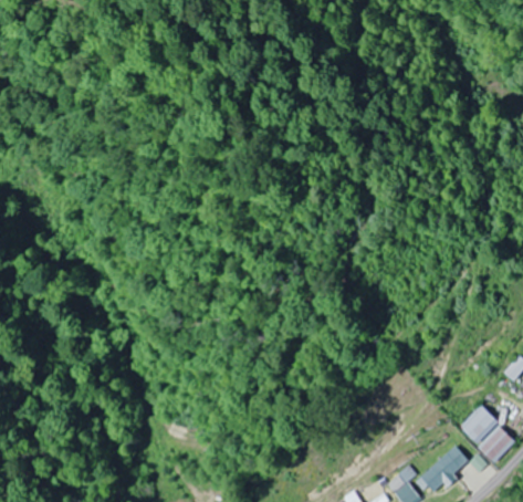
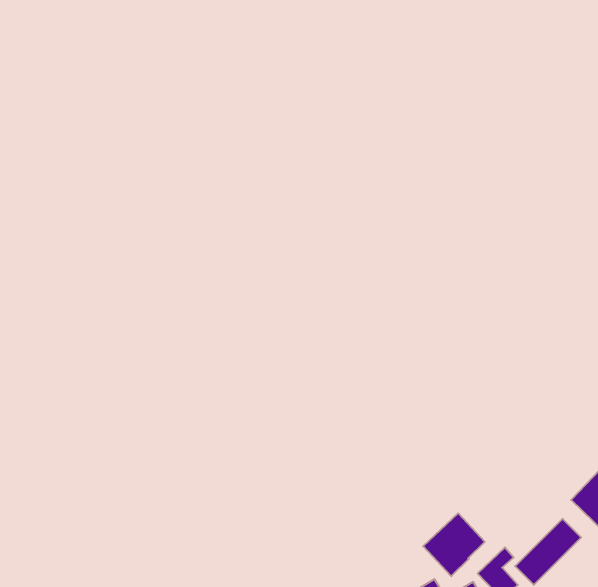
building: none -> [423,513,485,576]

